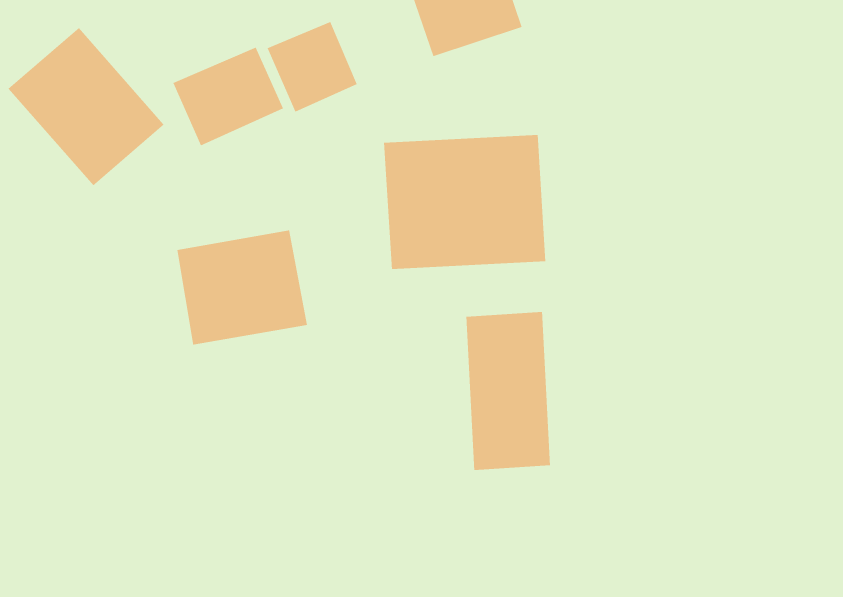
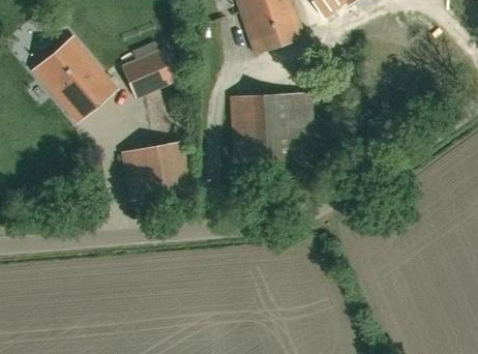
building: [267,21,358,113] -> none
building: [466,311,550,471] -> none

